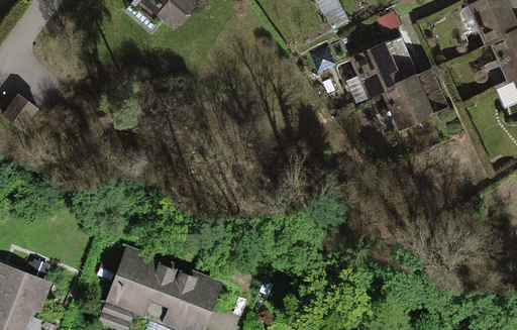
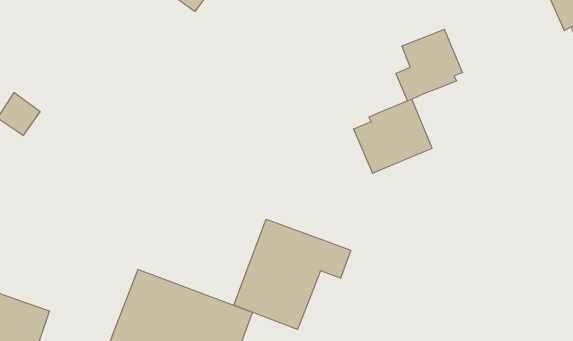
building: [379,66,445,128] -> [353,99,432,173]
building: none -> [234,219,351,329]

